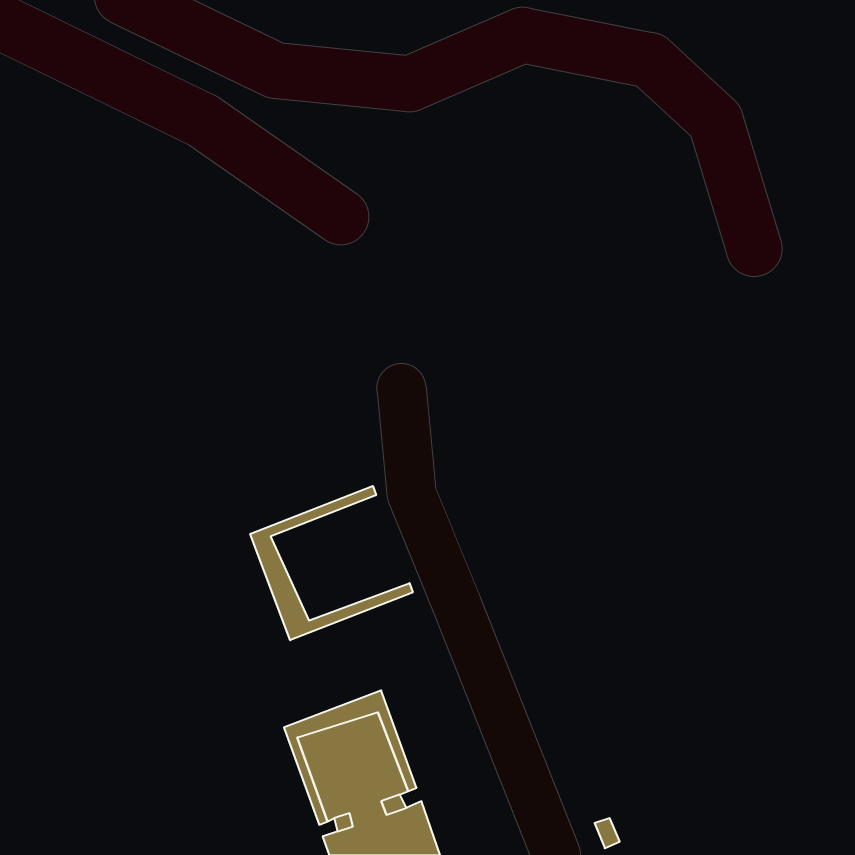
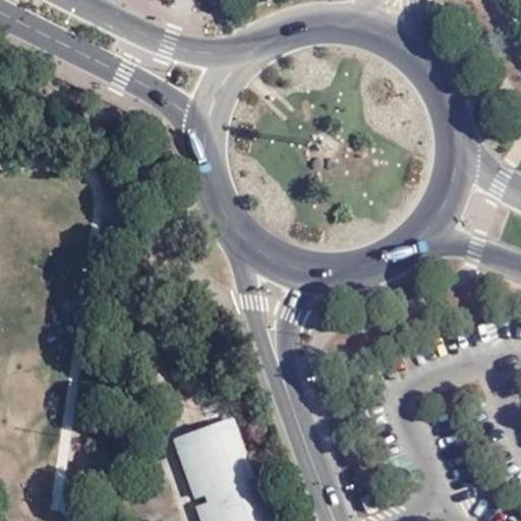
building: [250,486,413,640] -> none

